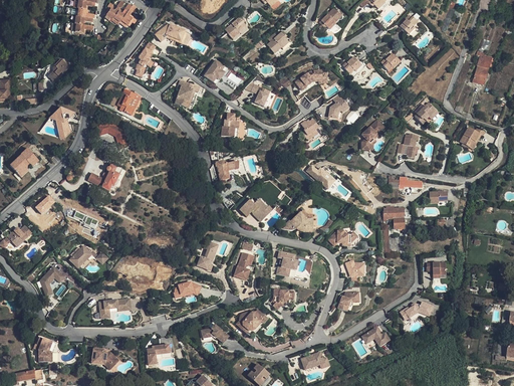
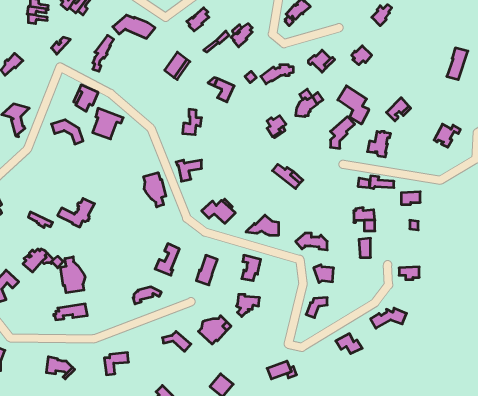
building: [175,79,204,109] -> [93,108,123,139]
building: none -> [338,86,369,124]
building: [87,164,122,191] -> [58,198,95,227]
building: none -> [144,173,166,207]
building: none -> [61,257,85,293]

